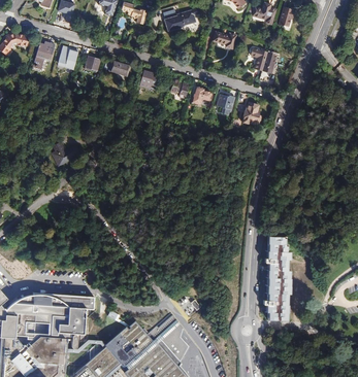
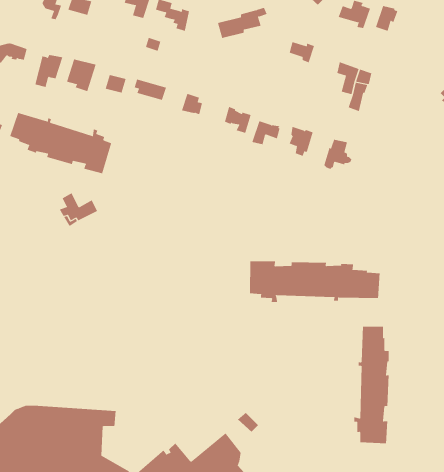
building: none -> [10,112,112,174]
building: none -> [249,261,380,303]

